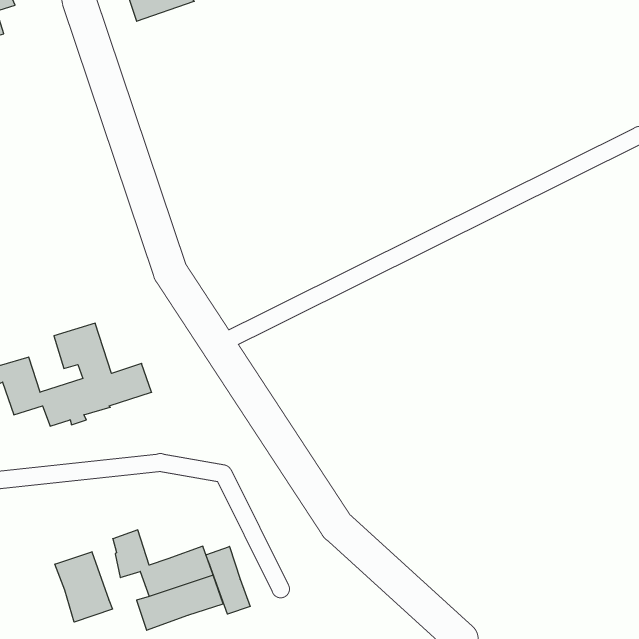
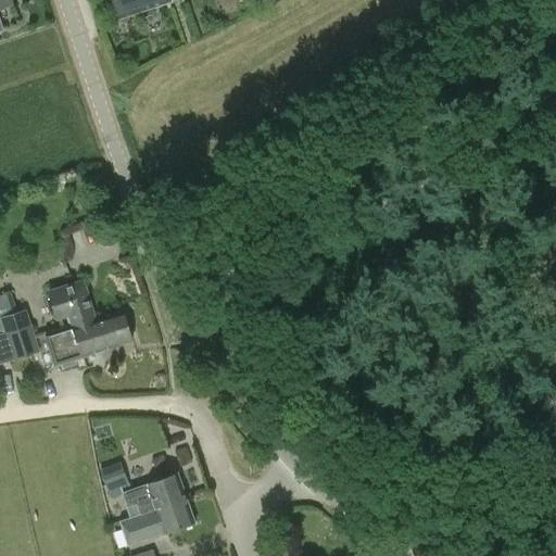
building: [206,546,250,614] -> none
building: [55,552,113,622] -> none

